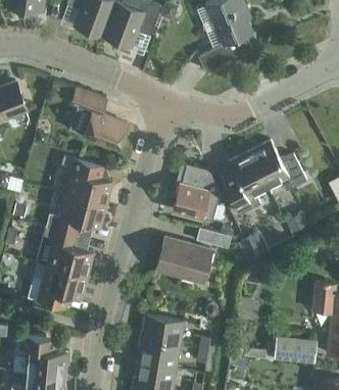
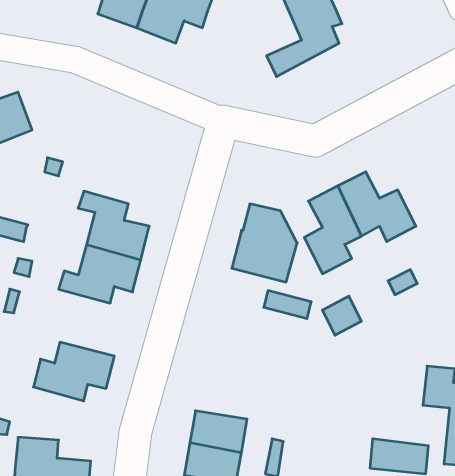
building: [69,88,127,148] -> none
building: [36,227,93,276] -> none
building: [155,238,210,283] -> none

